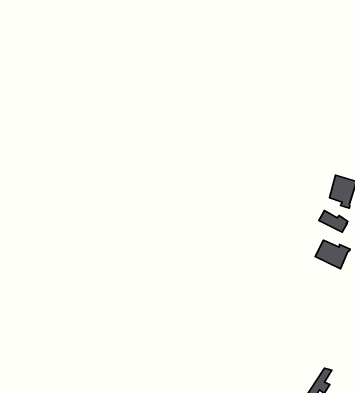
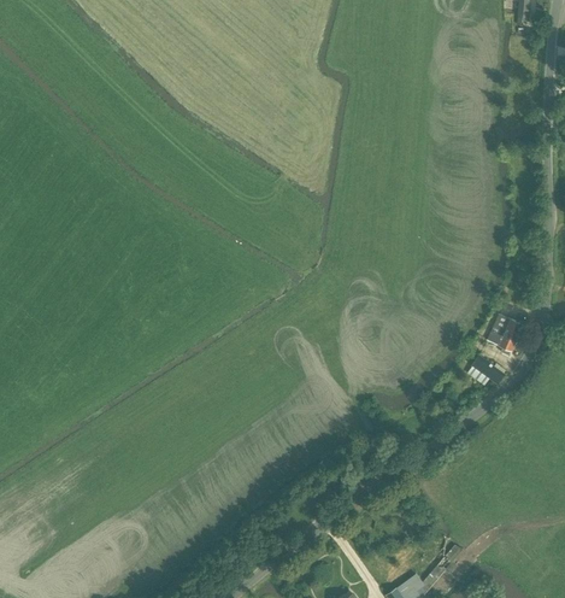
building: [315,240,350,269] -> none

